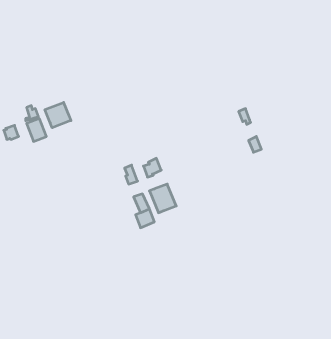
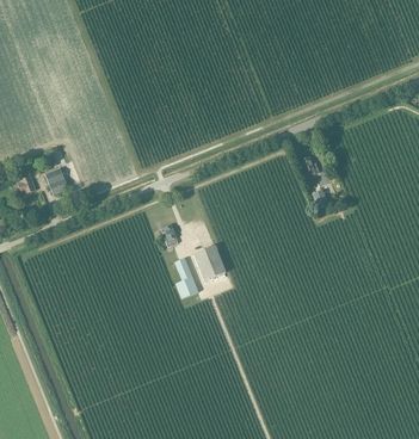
building: [45,102,71,128] -> none

